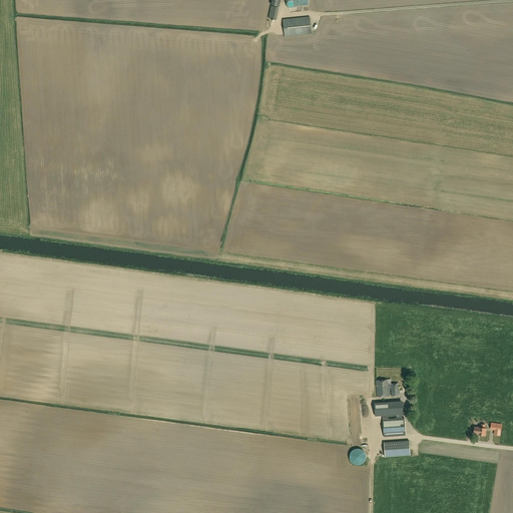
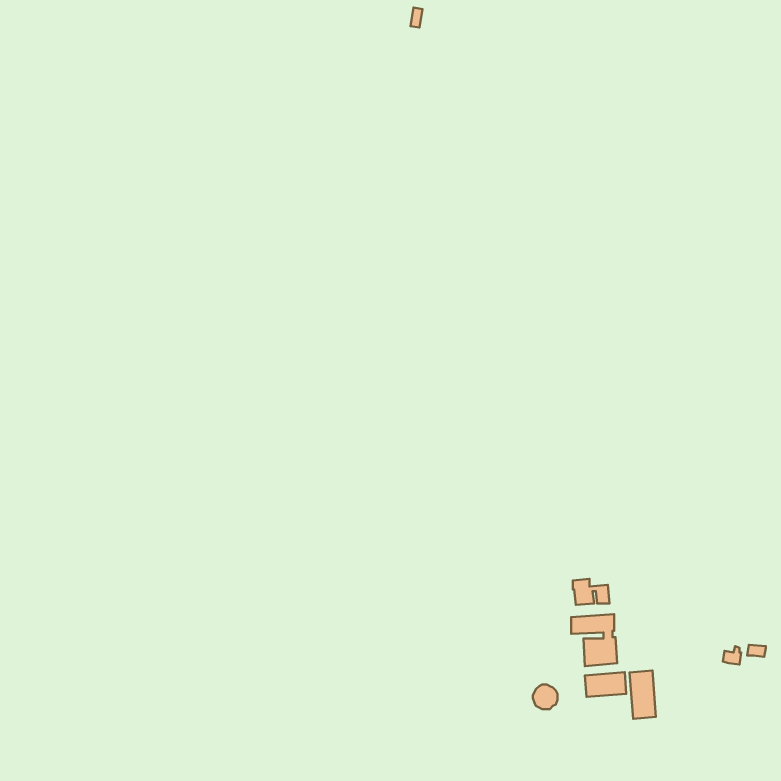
building: [282,16,311,36] -> none
building: none -> [629,670,656,719]

